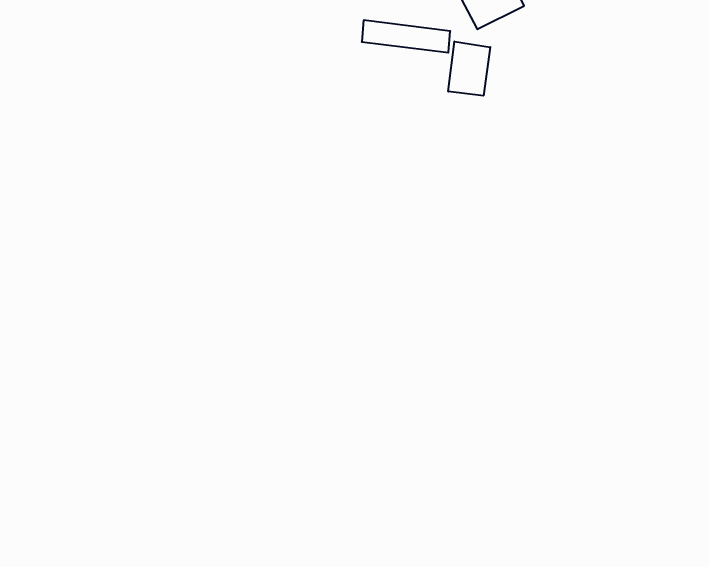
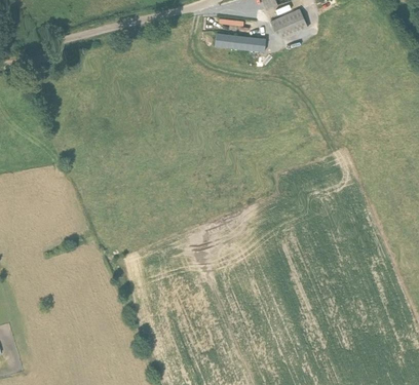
building: [448,41,490,96] -> none

